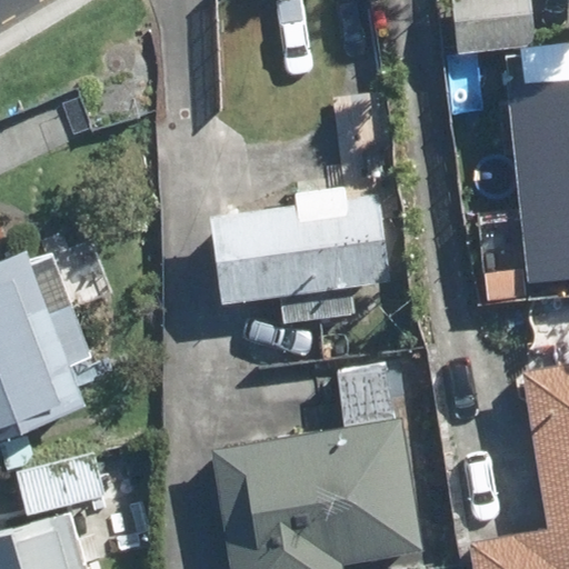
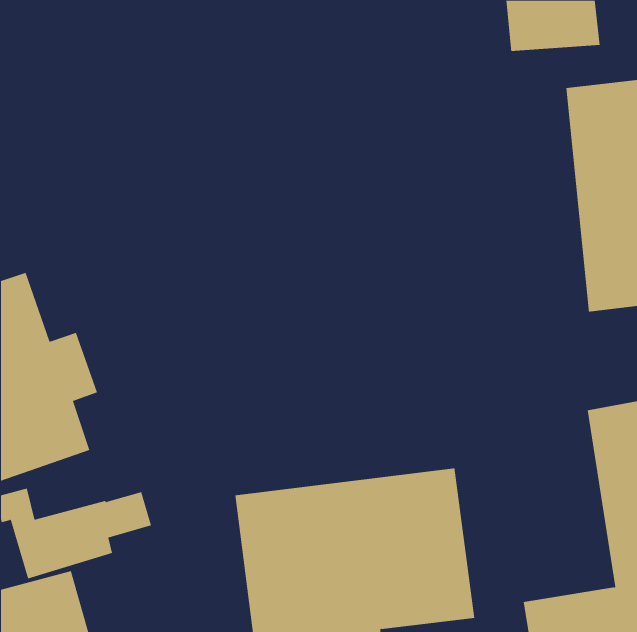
building: [210,186,388,327] -> none

